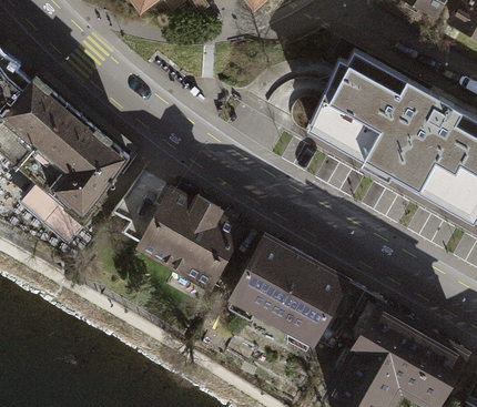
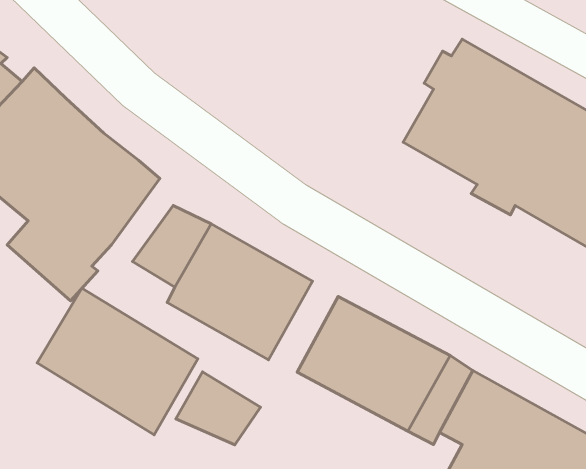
building: none -> [37,288,198,435]
building: none -> [176,372,261,445]

